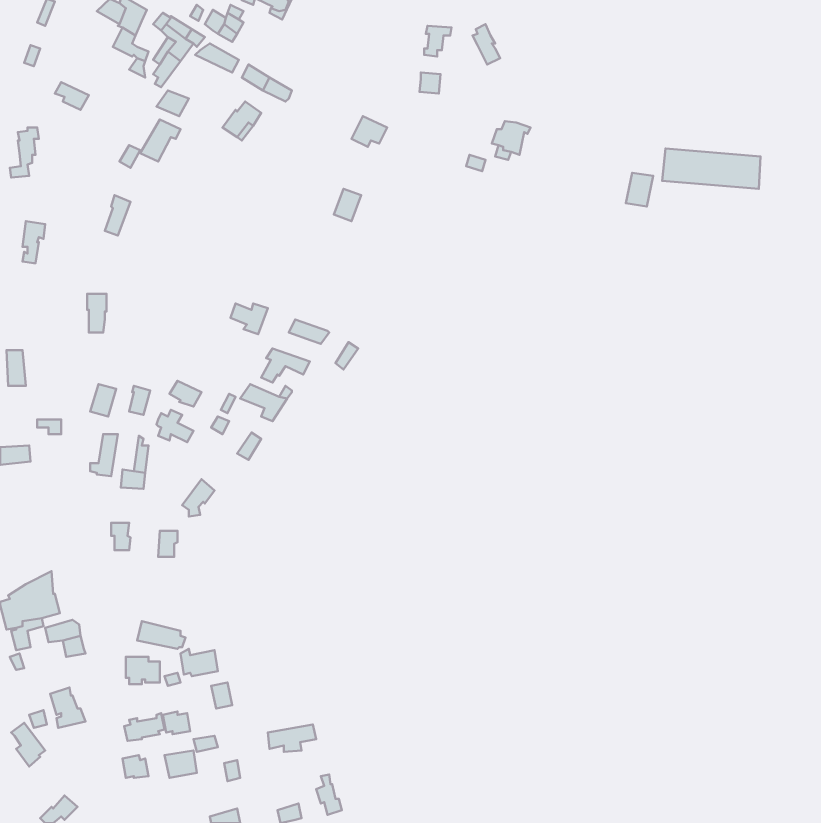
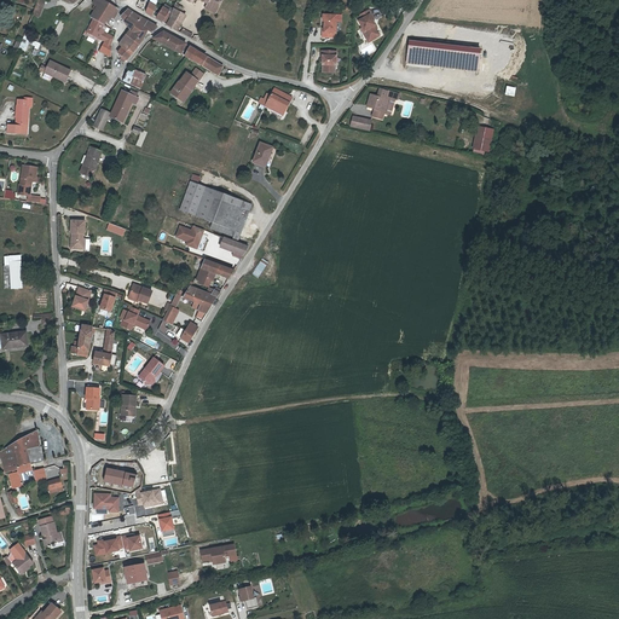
building: [662,149,761,189] -> [407,39,481,69]
building: none -> [179,183,250,239]

